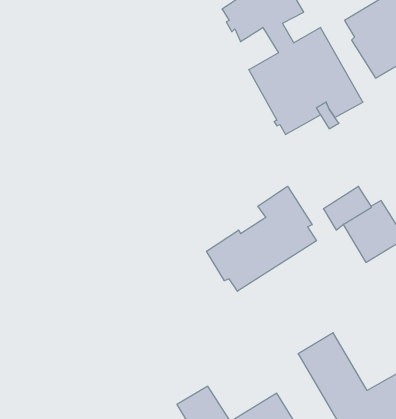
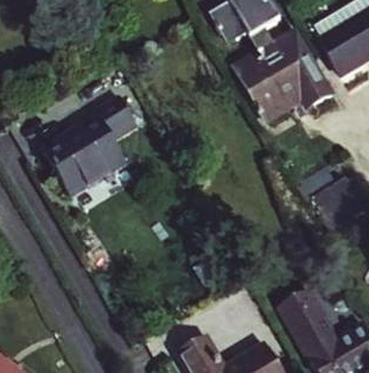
building: none -> [40,101,136,201]
building: [207,186,316,291] -> none

